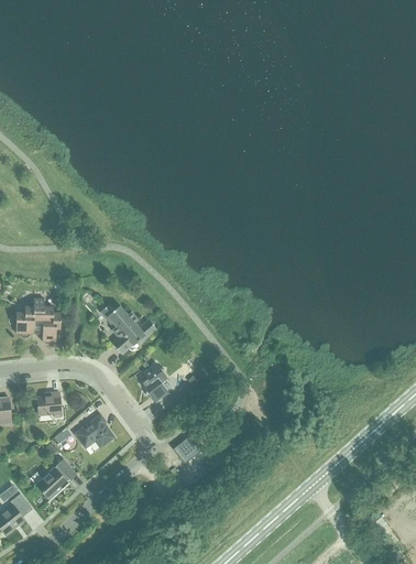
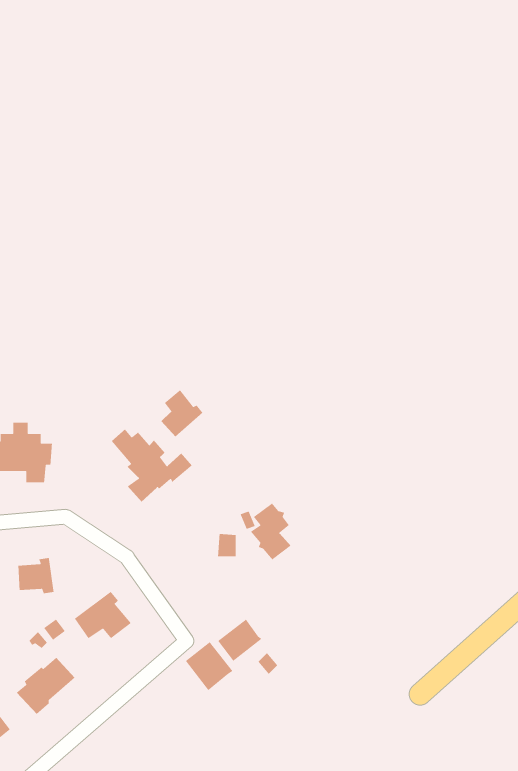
building: none -> [161,389,204,437]
building: [139,362,167,402] -> [250,502,292,560]
building: none -> [185,641,233,691]

